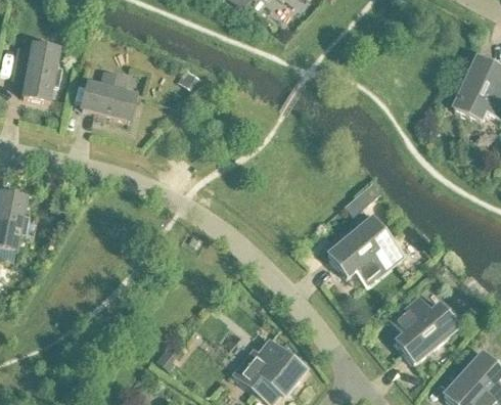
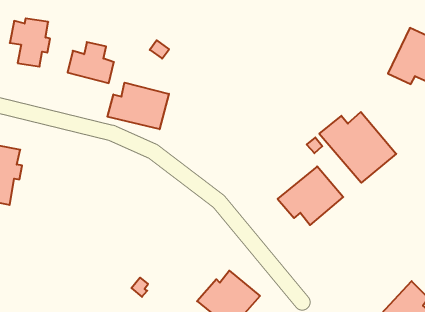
building: none -> [107,83,169,129]
building: none -> [319,112,396,183]
building: [391,295,459,362] -> none

